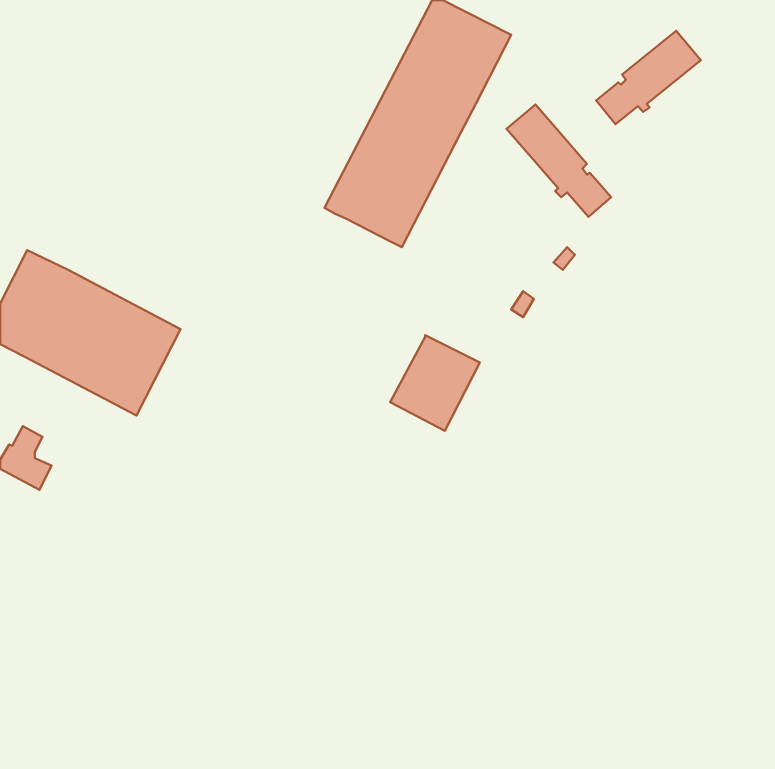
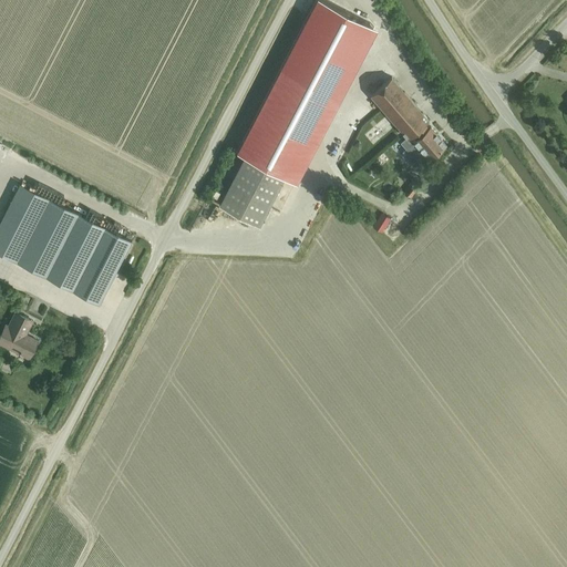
building: [596,31,701,124] -> none
building: [390,335,480,431] -> [219,161,285,230]

